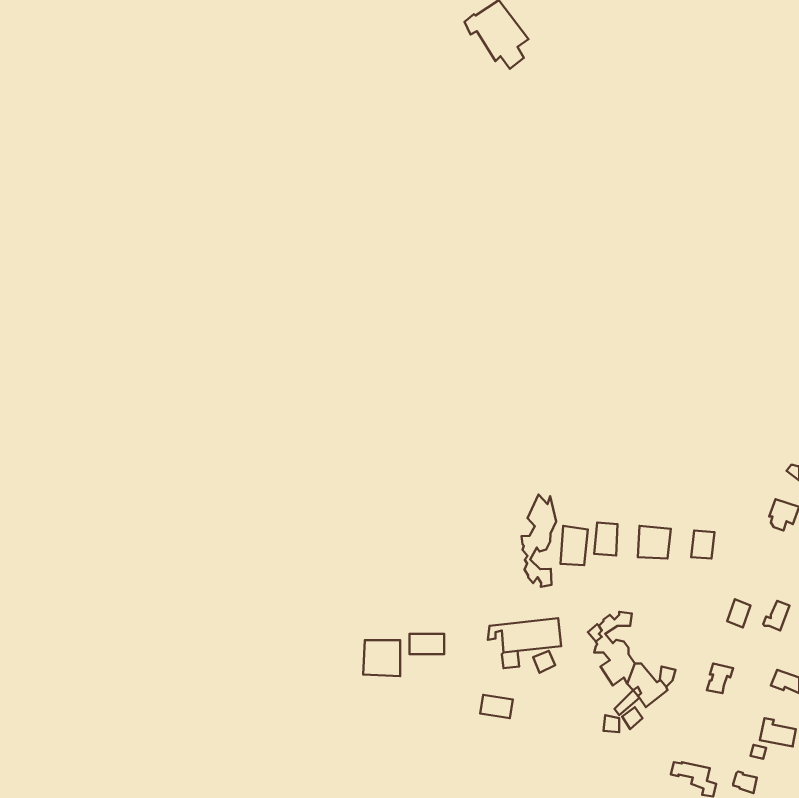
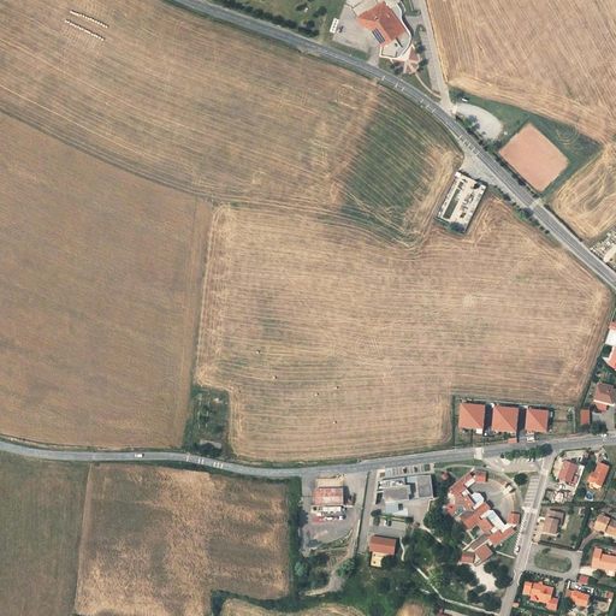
building: [522,494,556,587] -> none
building: [560,526,588,565] -> none
building: [363,640,400,676] -> none

